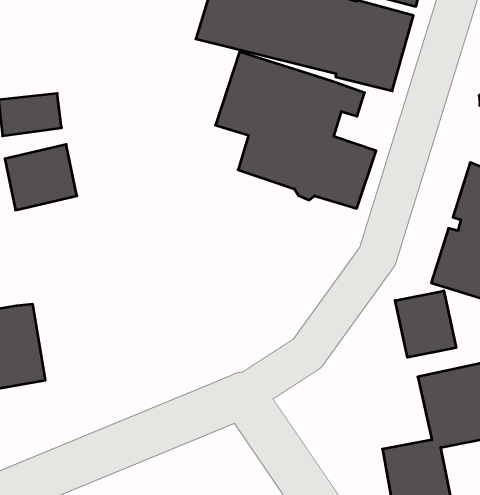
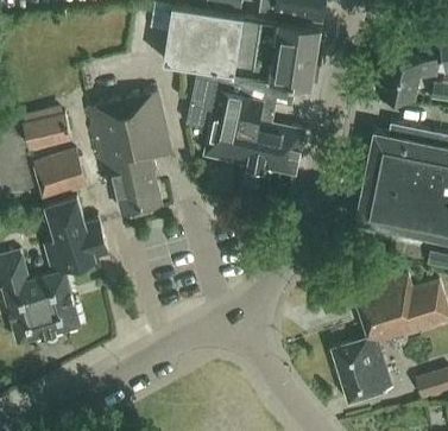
building: none -> [88,93,171,214]
building: none -> [44,198,109,273]
building: [395,291,456,357] -> none

